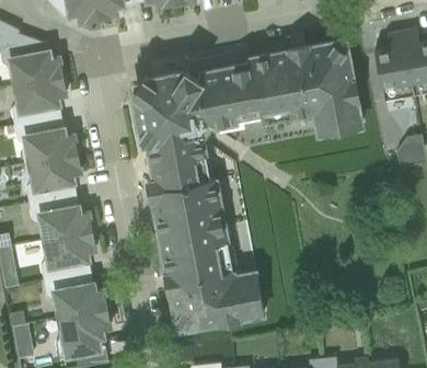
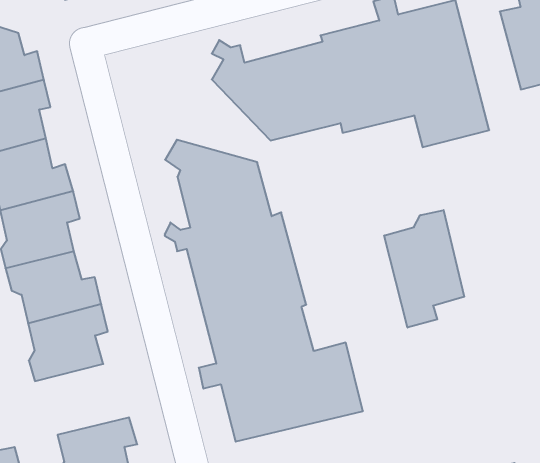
building: [132,70,214,141] -> none
building: none -> [384,210,464,328]
building: [44,272,106,318] -> none

